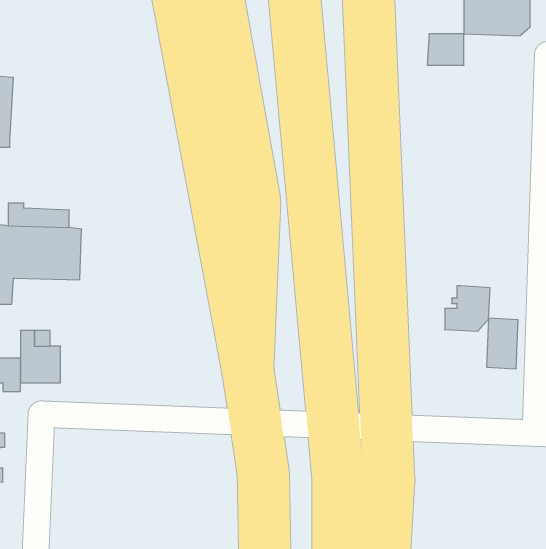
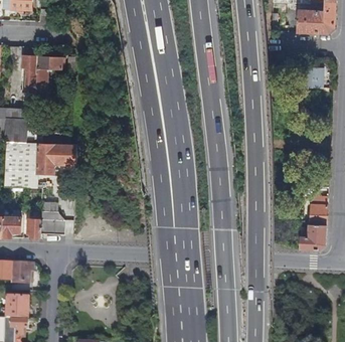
building: [427,34,464,65] -> [302,68,323,87]
building: none -> [35,56,64,93]
building: [445,286,490,331] -> [301,223,327,249]

